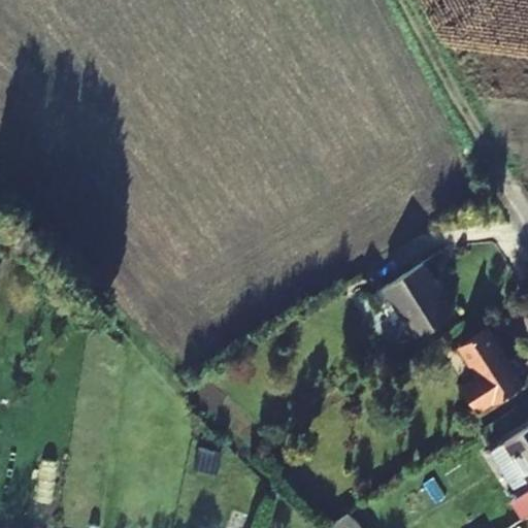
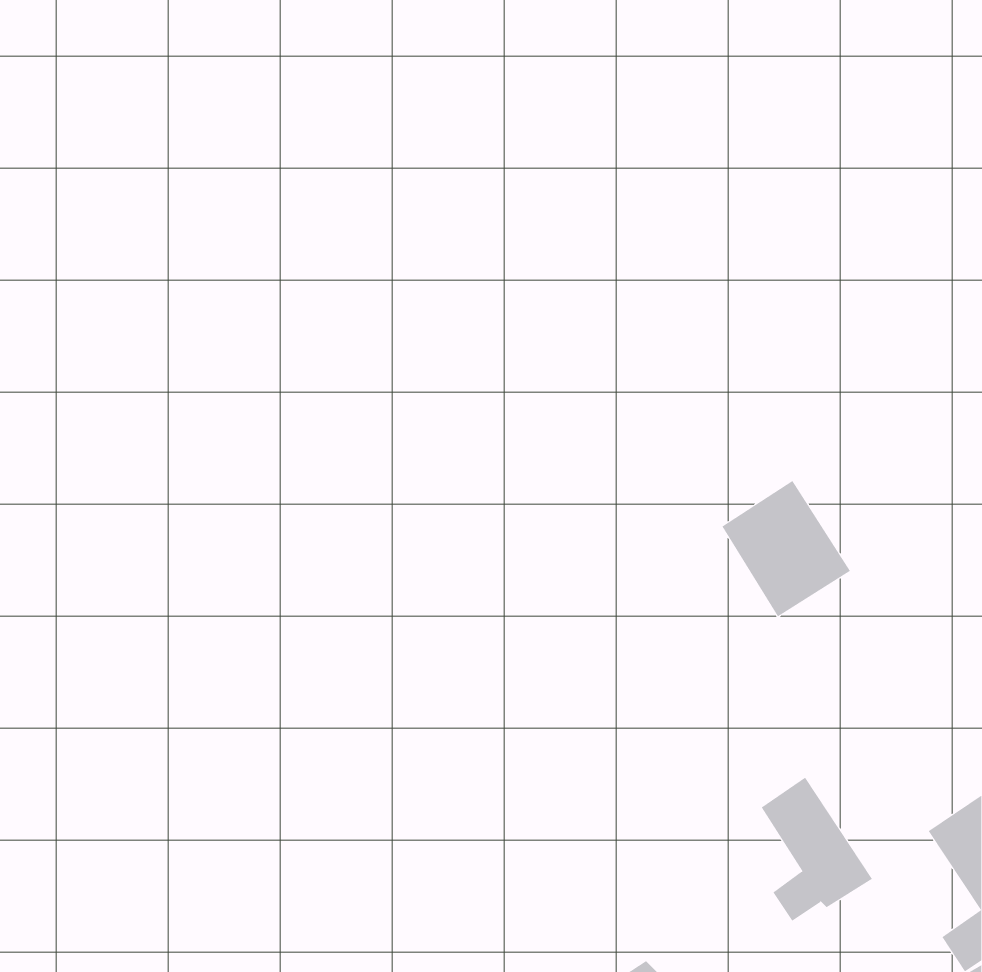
building: [460,335,520,412] -> [761,777,873,921]

